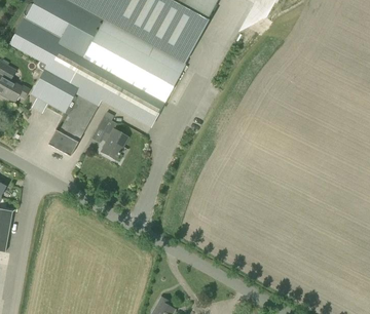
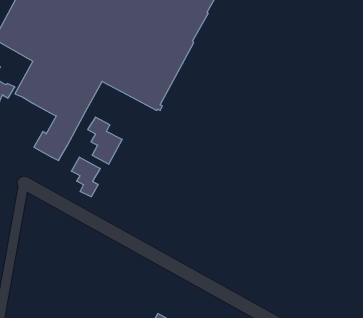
building: none -> [71,157,100,197]

